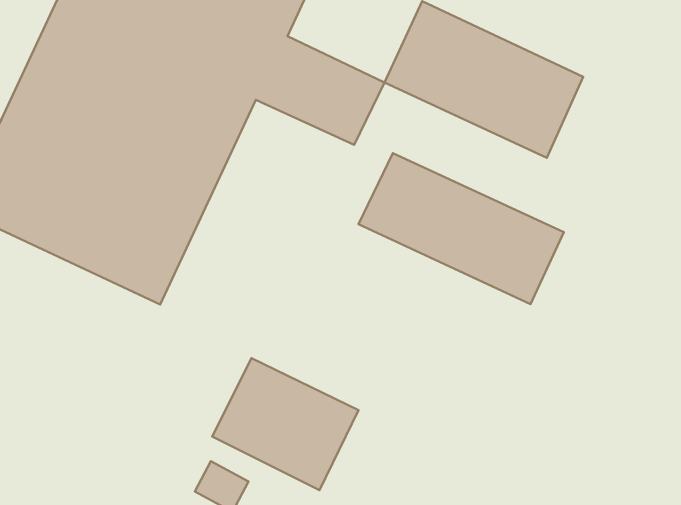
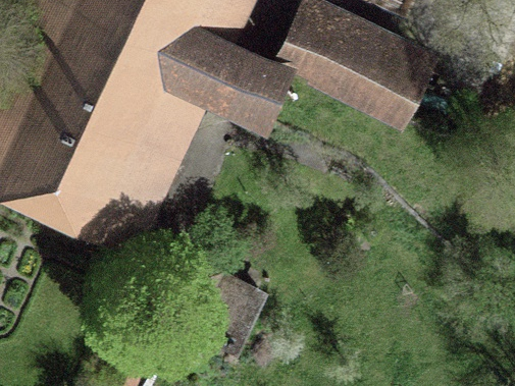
building: [358,153,564,304] -> none

